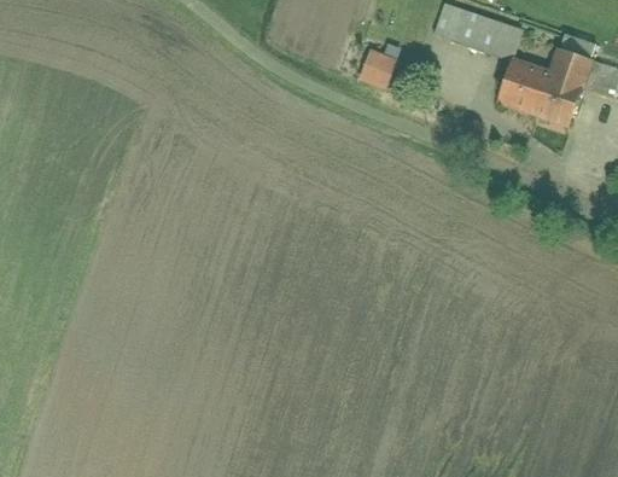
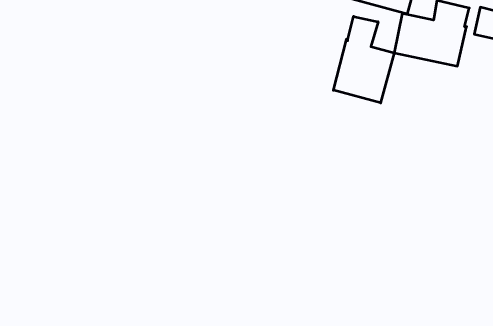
building: [360,47,400,88] -> none
building: none -> [333,16,394,103]

